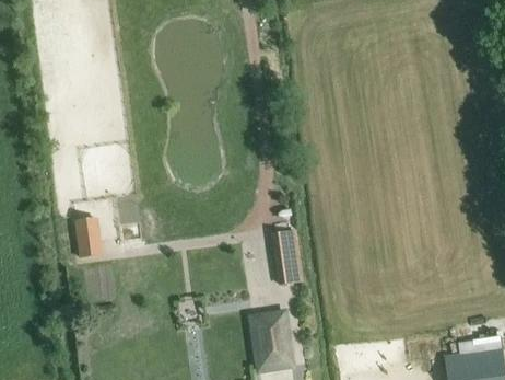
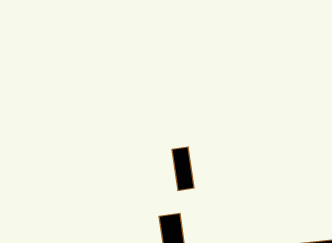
building: [77,219,102,261] -> none

